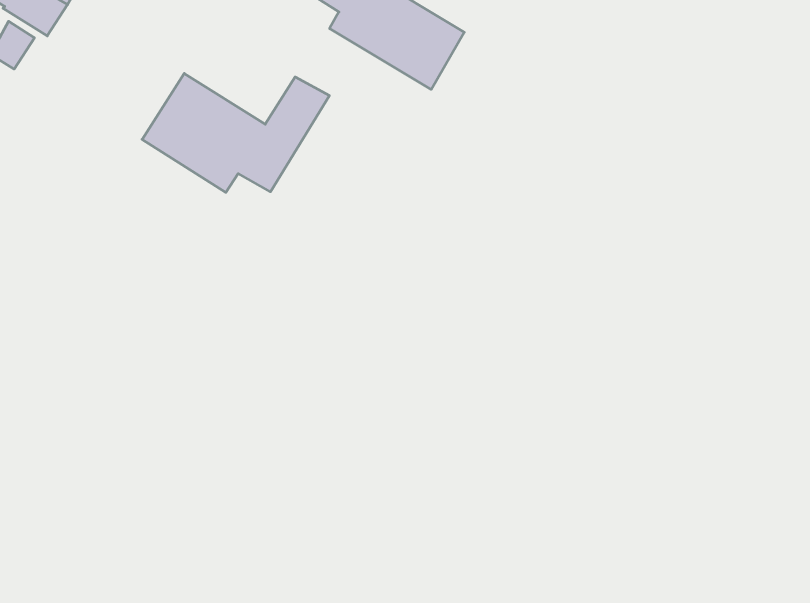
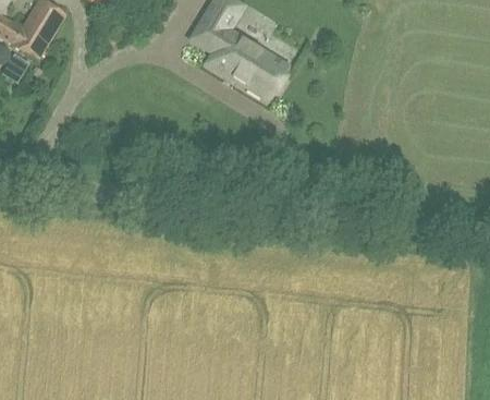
building: [142,73,329,192] -> none

